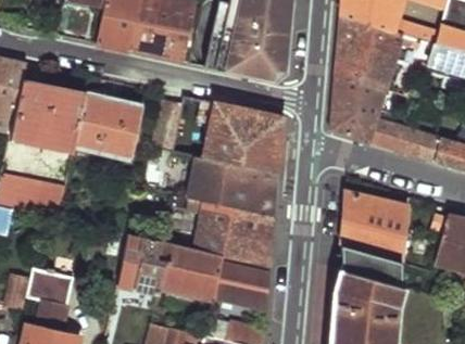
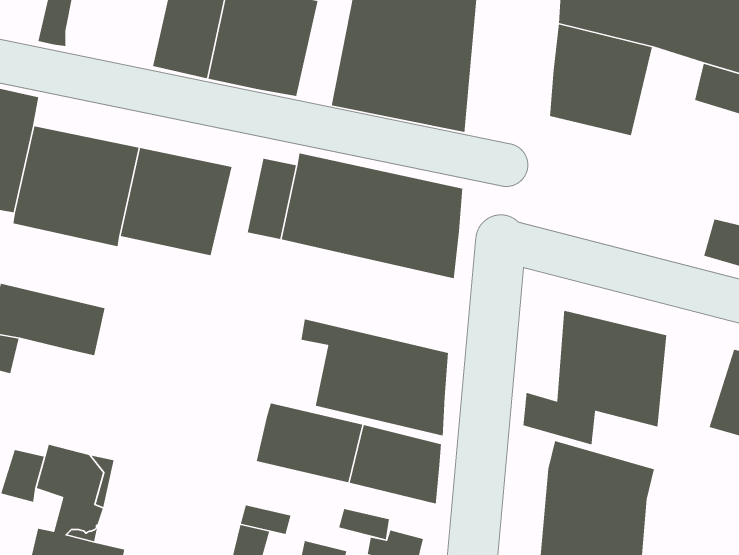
building: [332,74,437,158] -> none
building: [188,154,279,217] -> none
building: [126,235,165,294] -> none

